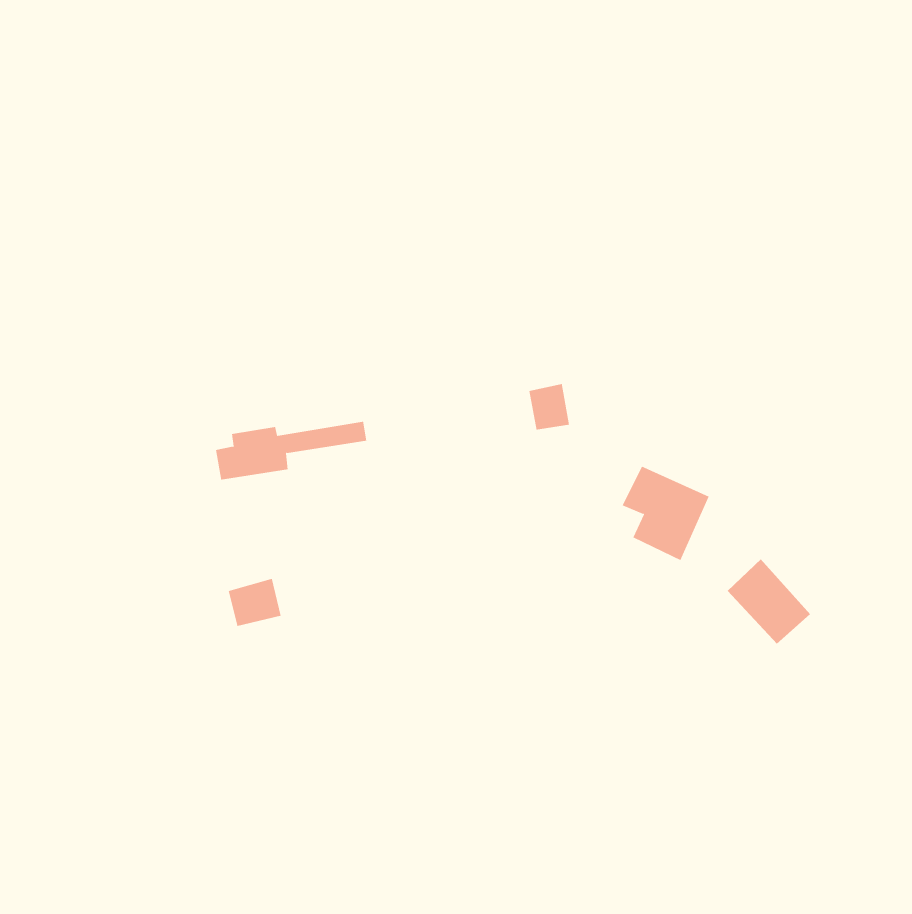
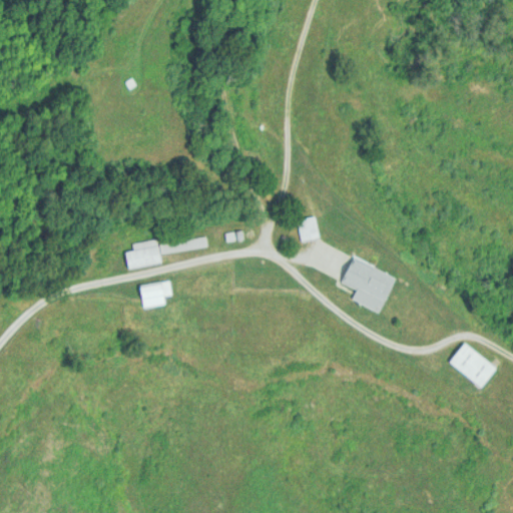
building: [727,558,811,644] -> [449,342,496,390]
building: [228,578,281,627] -> [138,281,168,308]

